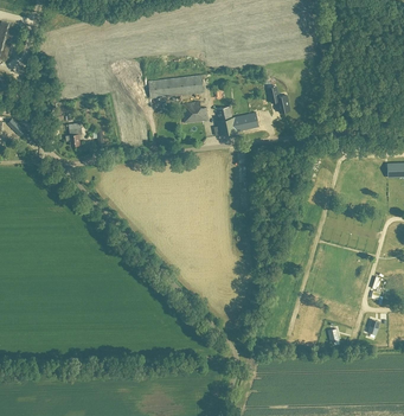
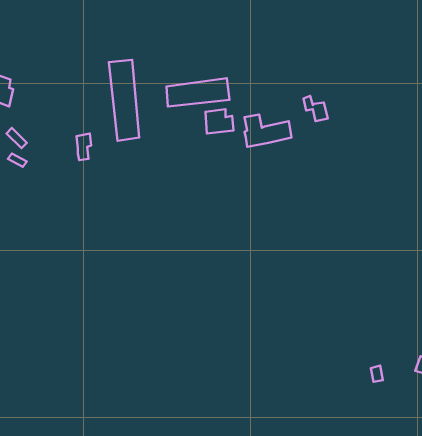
building: none -> [109,60,139,141]

